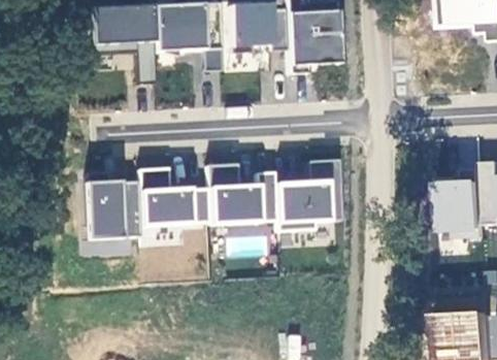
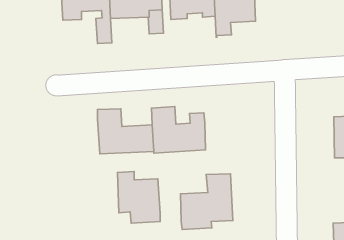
building: [273,158,340,229] -> [180,174,233,229]
building: [85,170,139,236] -> [117,172,160,223]

